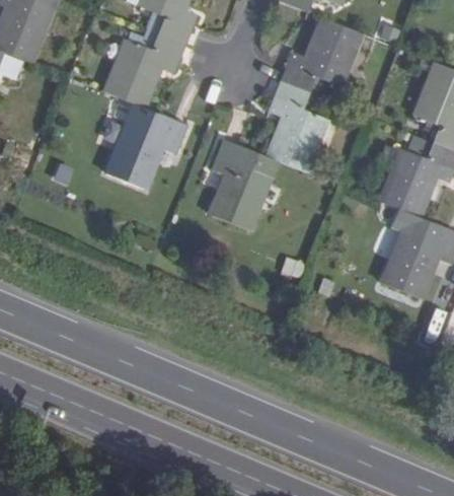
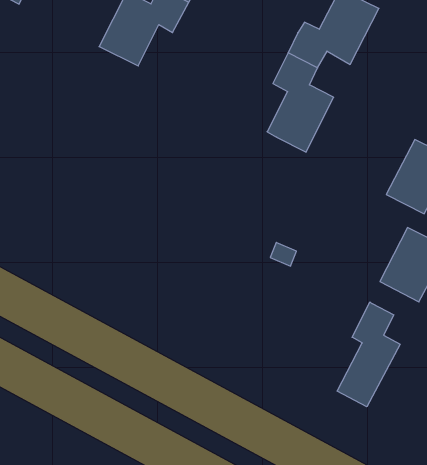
building: [109,112,187,189] -> none
building: [211,139,277,230] -> none
building: none -> [337,302,400,407]

